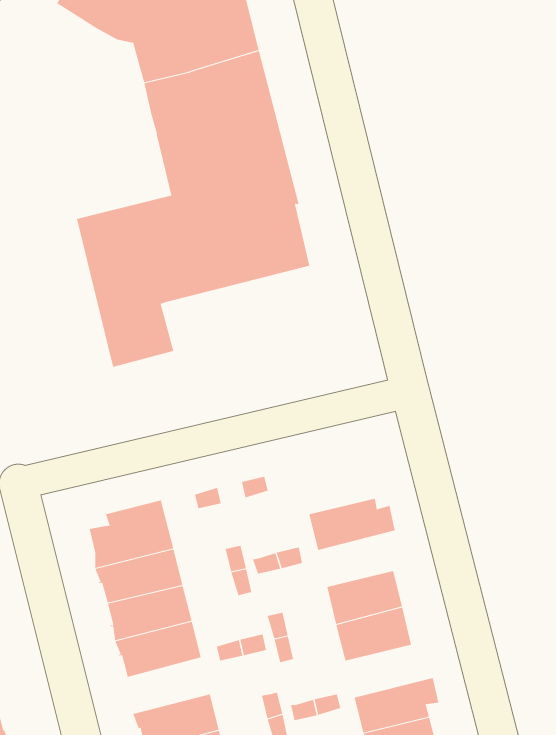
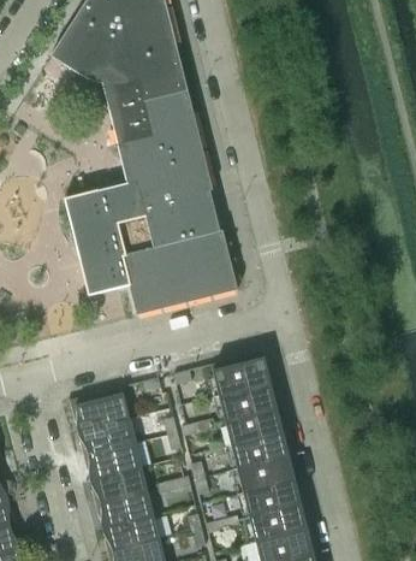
building: none -> [121,231,238,315]
building: none -> [210,358,263,396]
building: none -> [225,407,281,444]
building: none -> [243,483,302,518]
building: none -> [99,491,154,528]

